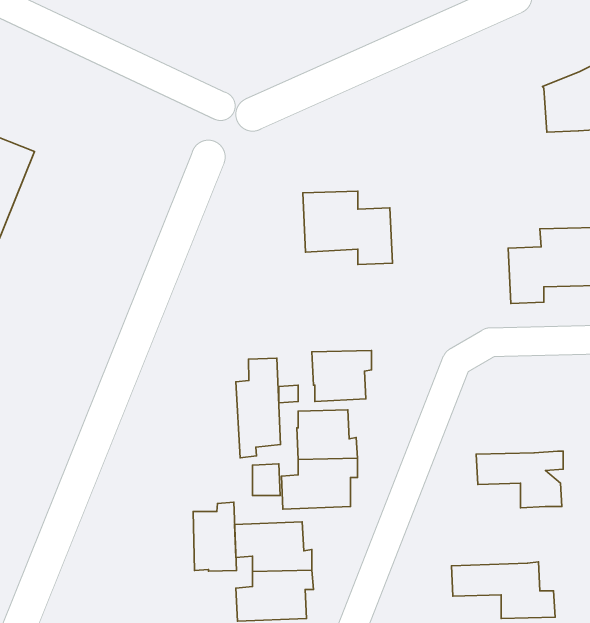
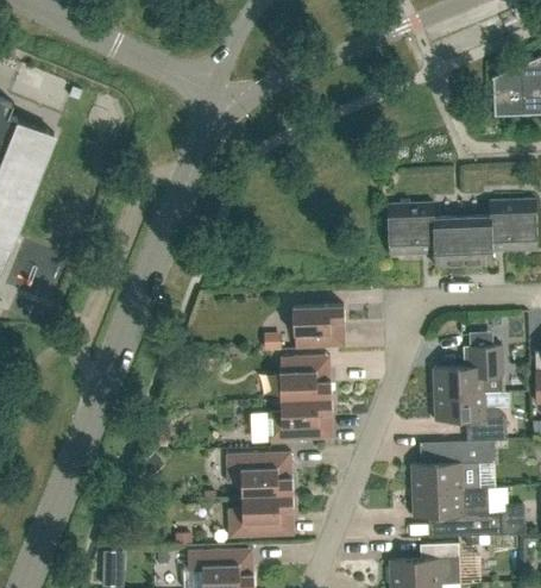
building: [303,191,392,265] -> [386,202,464,265]
building: [236,358,281,458] -> none
building: none -> [433,344,504,394]
building: [193,502,236,571] -> none
building: none -> [411,439,495,490]

